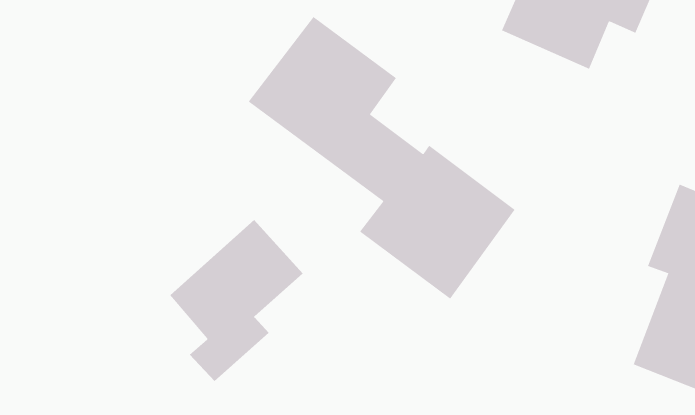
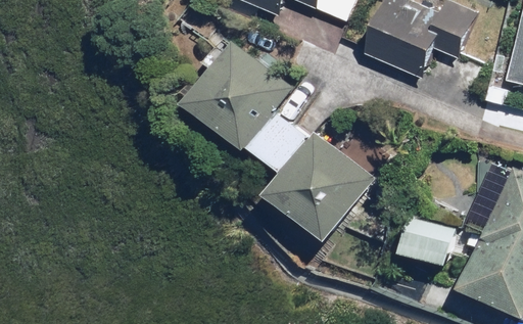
building: [170,219,304,382] -> none
building: none -> [396,214,457,267]

